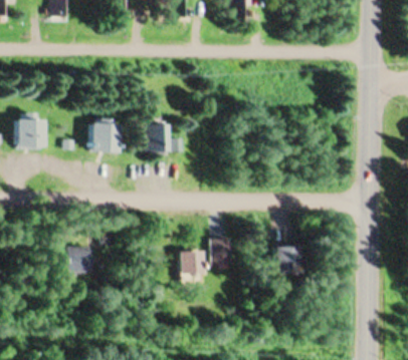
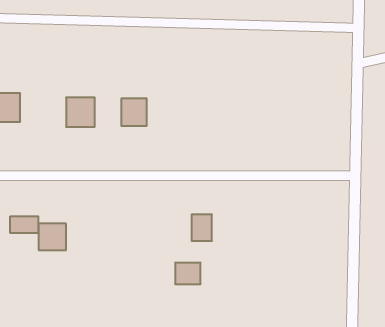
building: none -> [10,216,38,233]
building: [275,246,302,273] -> none
building: [180,252,205,273] -> [175,263,201,284]

